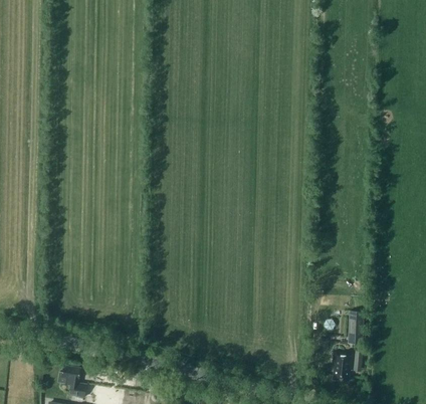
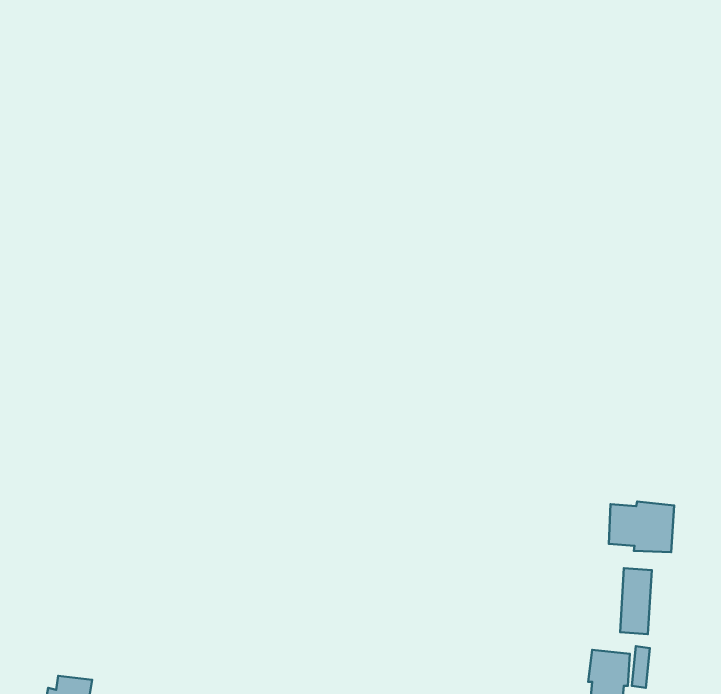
building: none -> [609,501,674,552]

